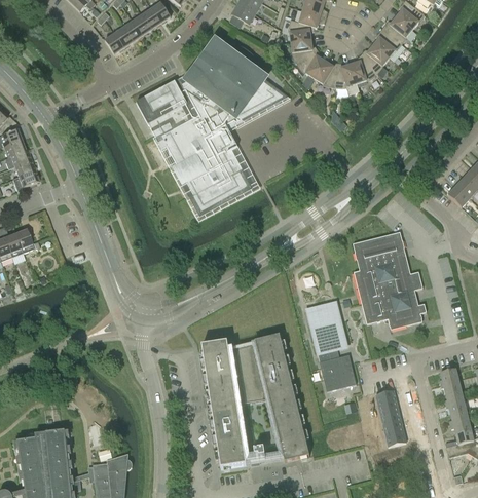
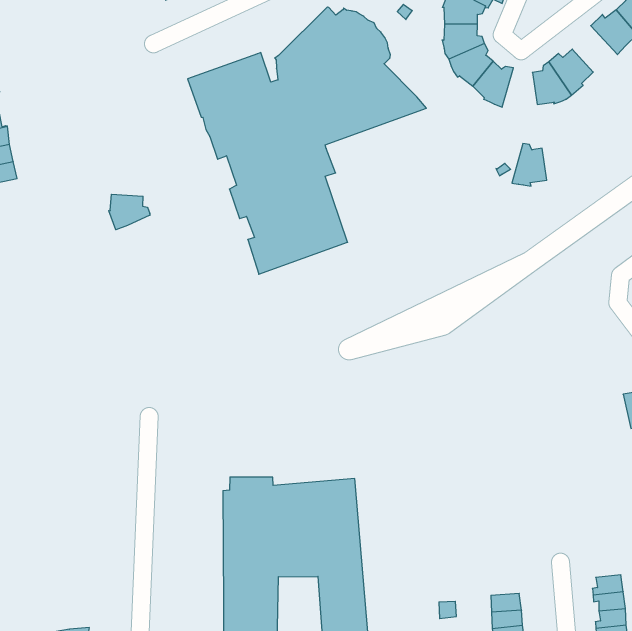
building: [373,28,402,56] -> none
building: [335,62,357,87] -> [512,144,547,186]
building: none -> [109,194,150,230]
building: [353,230,427,329] -> none
building: [307,302,357,390] -> none

